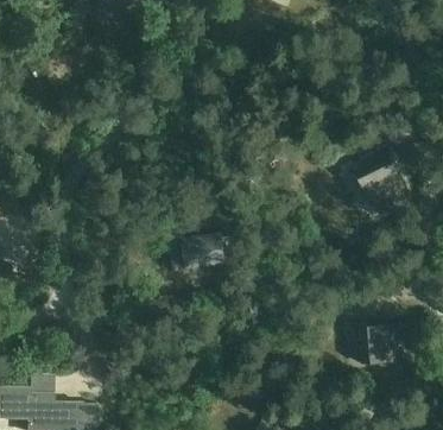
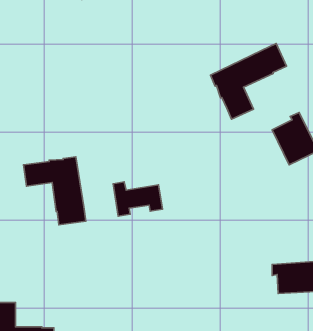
building: none -> [210,43,287,119]
building: none -> [24,157,86,225]

